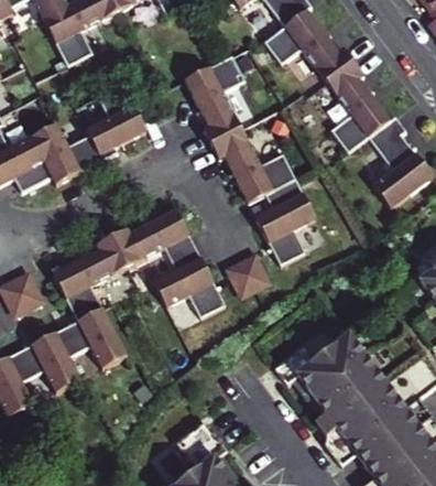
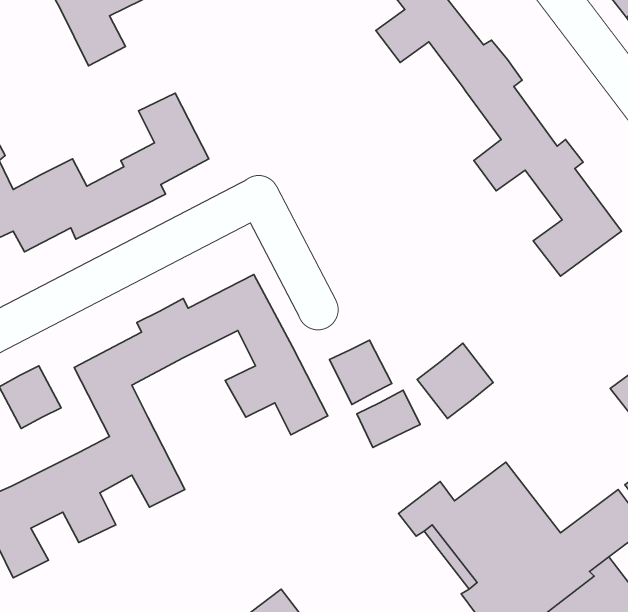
building: [185,53,318,263] -> none
building: none -> [417,343,493,419]
building: none -> [357,390,420,448]

